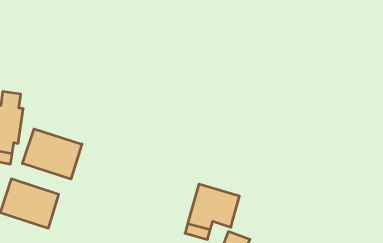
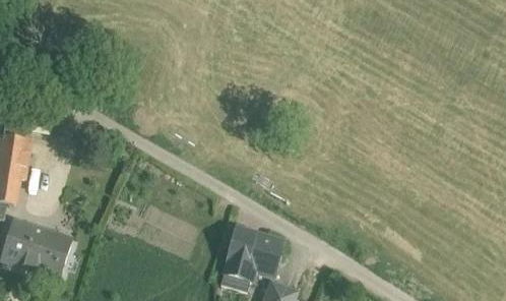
building: [22,129,82,179] -> none

